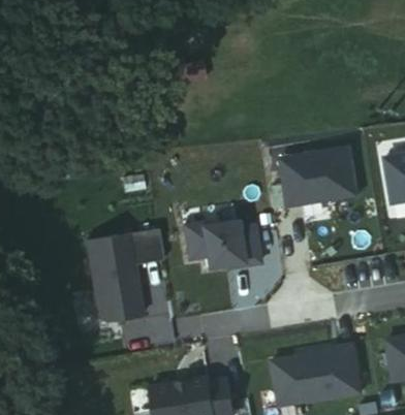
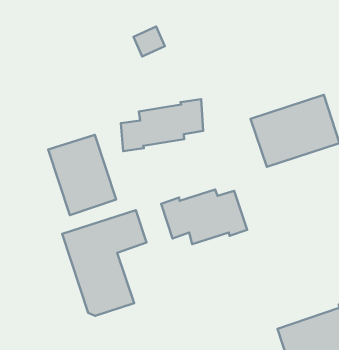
building: none -> [121,99,203,151]
building: none -> [48,135,116,215]

